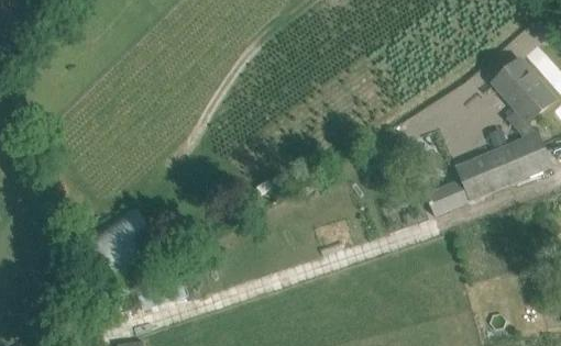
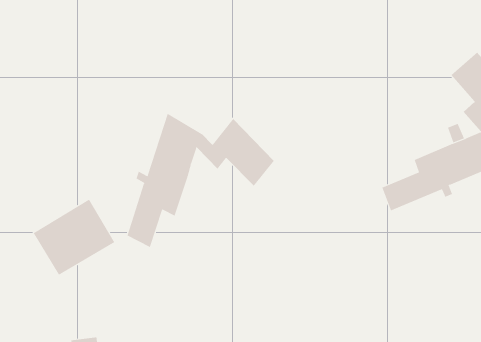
building: none -> [127,113,275,248]

